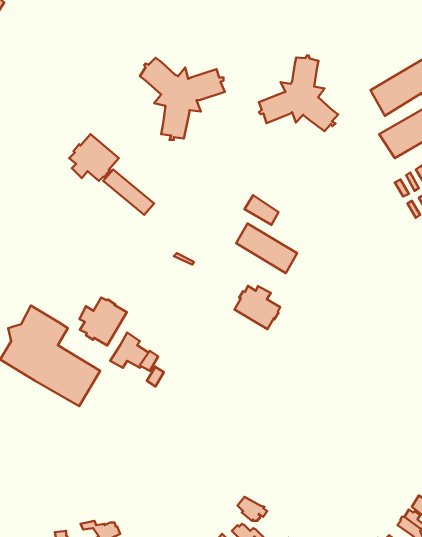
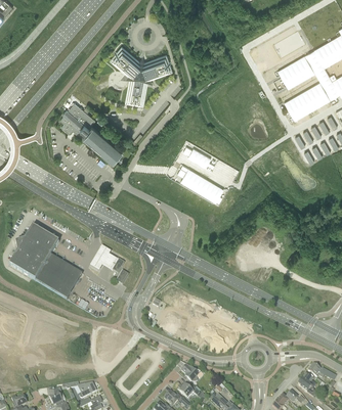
building: [259,55,338,131] -> none
building: [234,286,280,329] -> none
building: [79,297,127,345] -> none

